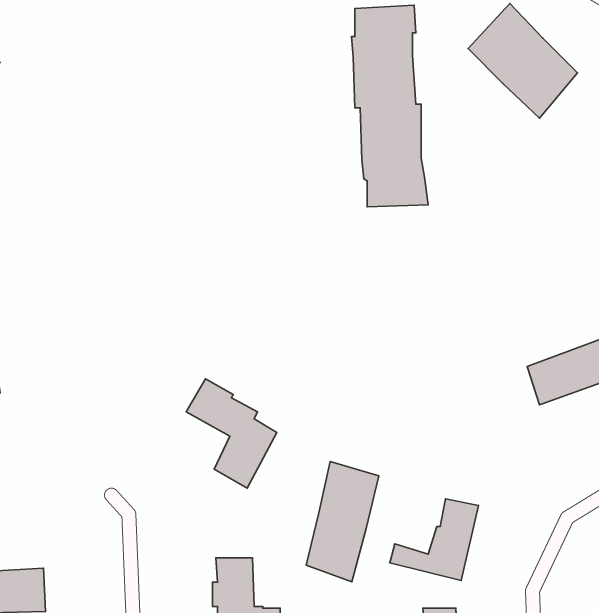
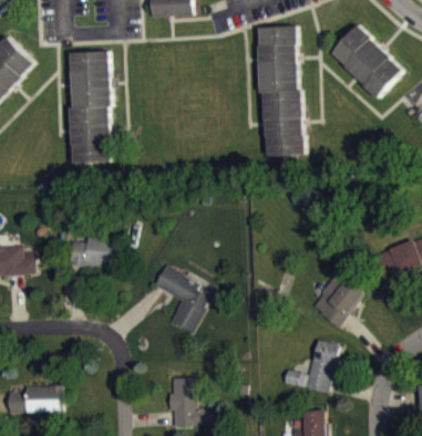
building: none -> [69,52,110,163]
building: none -> [68,237,117,269]
building: none -> [311,273,362,325]
building: [306,461,379,582] -> none

